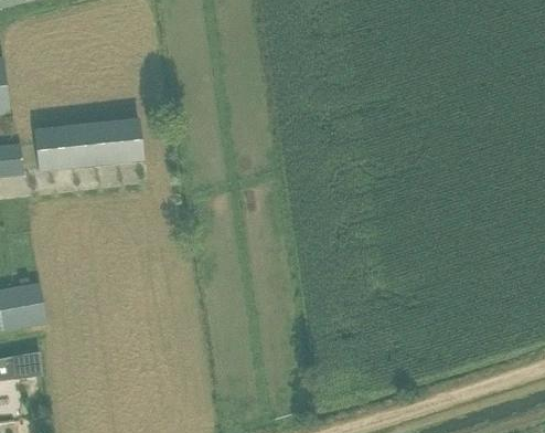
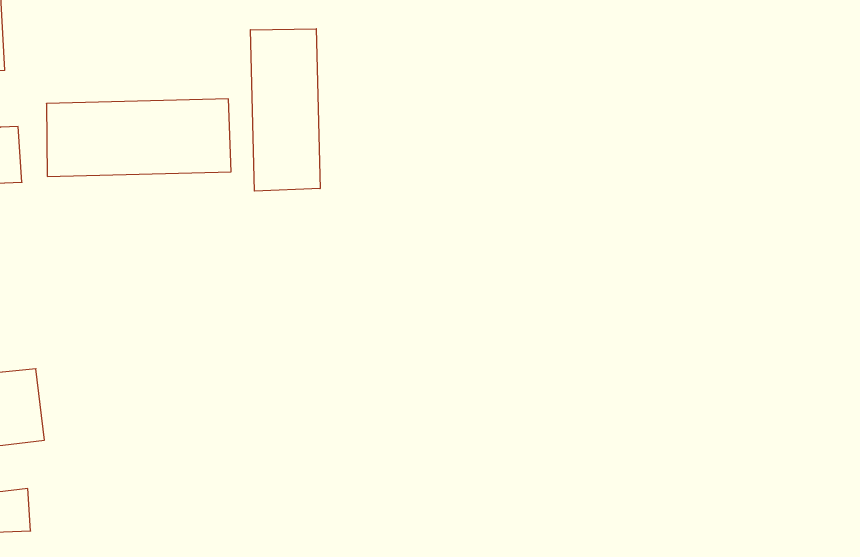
building: none -> [250,29,320,191]

